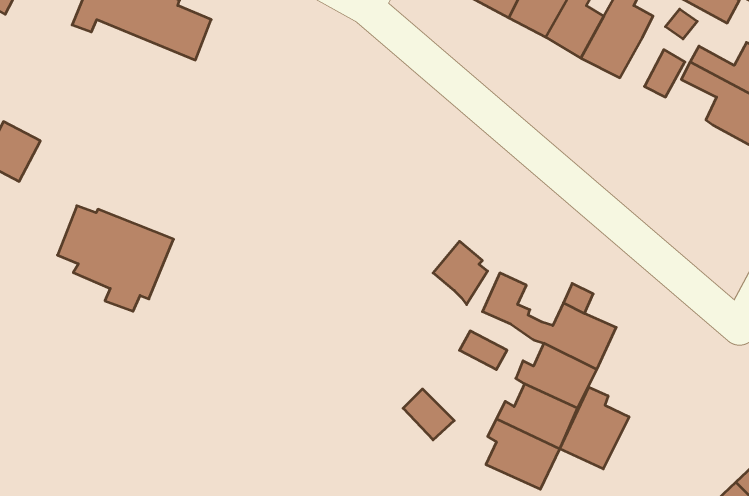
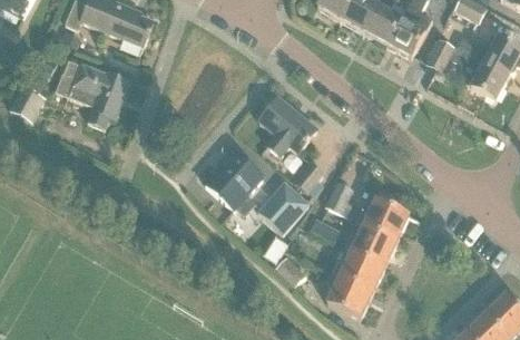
building: none -> [258,97,316,155]
building: [57,206,174,311] -> [56,60,129,127]
building: none -> [205,148,263,216]
building: none -> [257,179,310,233]
building: [560,387,629,469] -> none

